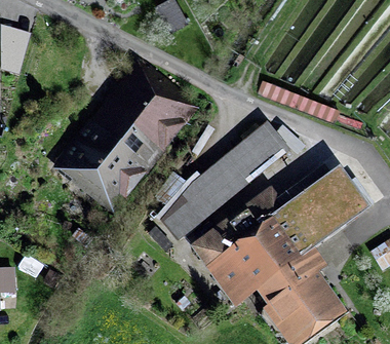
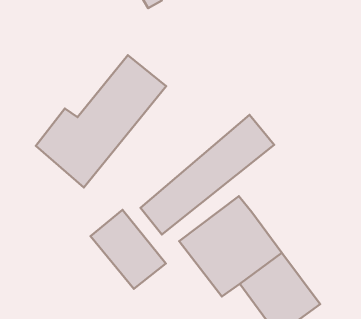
building: [271,175,362,260] -> none
building: none -> [90,210,166,289]

